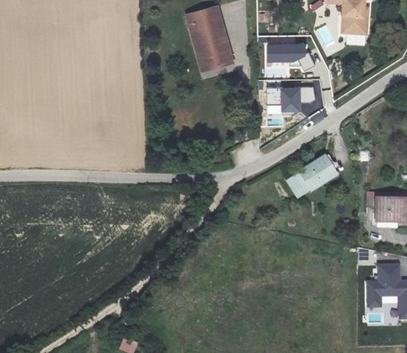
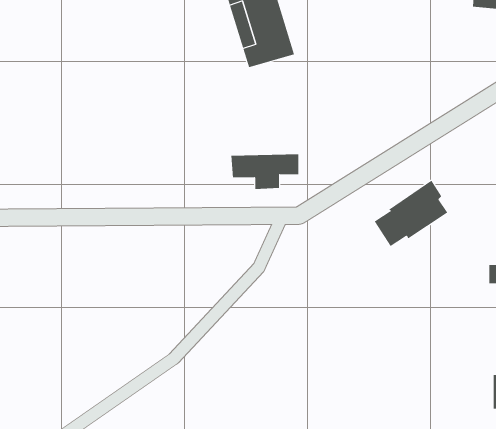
building: [267,43,313,69] -> none
building: [266,87,312,111] -> [231,154,299,190]

